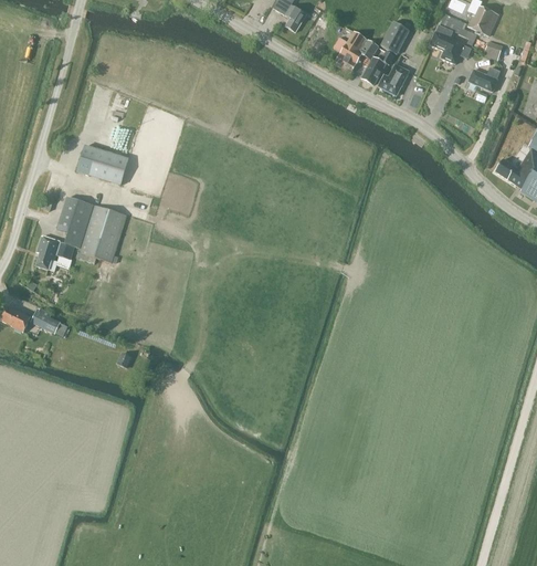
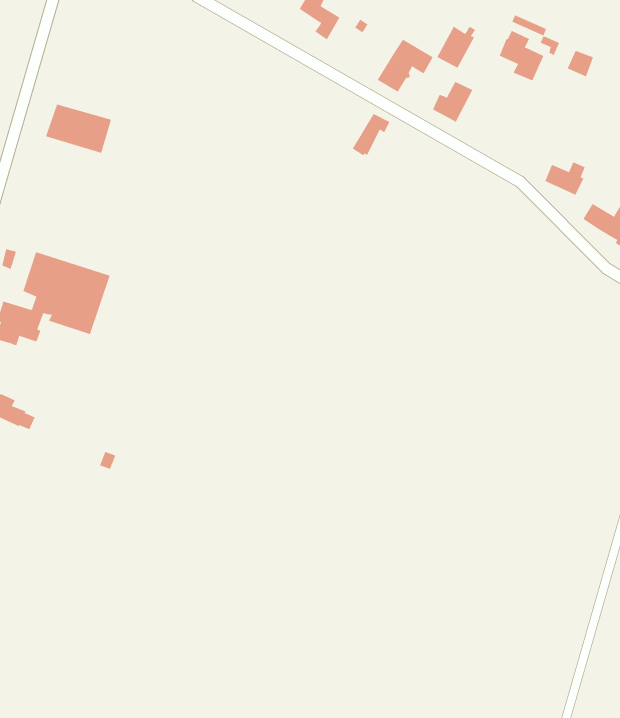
building: [468,6,498,35] -> none
building: [362,50,392,83] -> [352,113,390,156]
building: [468,66,501,93] -> [545,161,586,195]
building: [77,146,129,185] -> [45,104,112,154]

